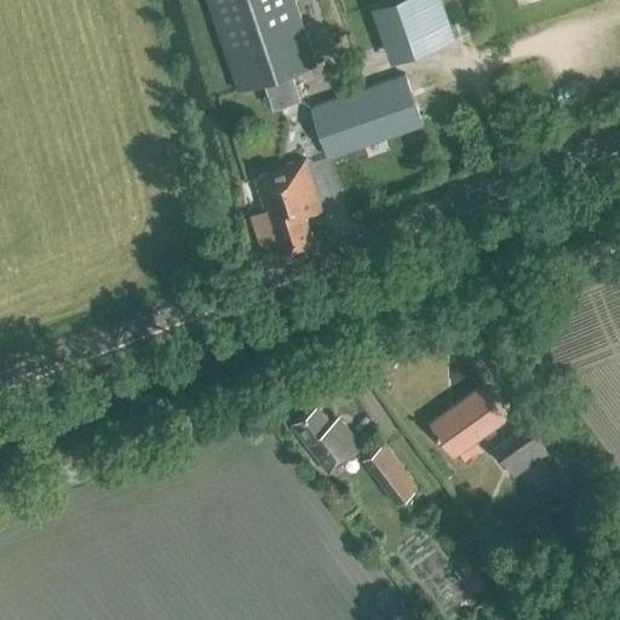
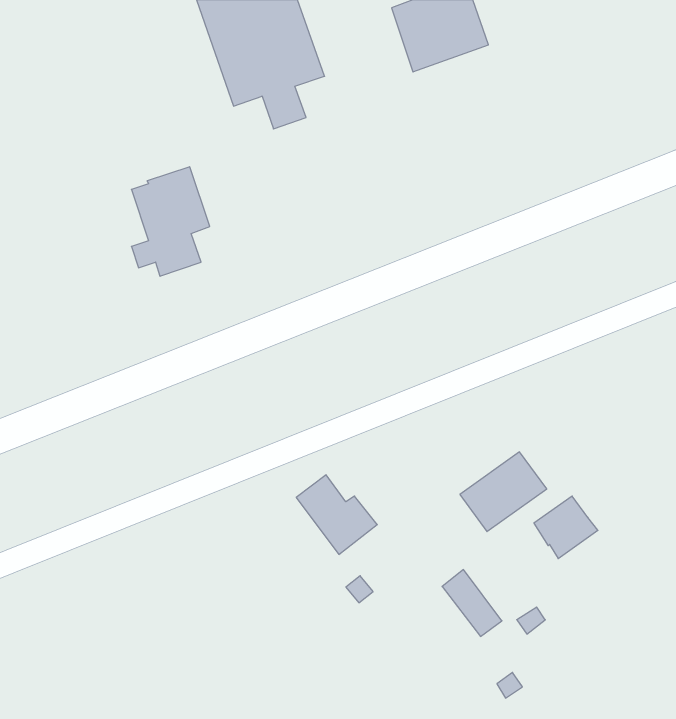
building: [311,78,423,160] -> none
building: [254,161,321,254] -> [131,167,210,276]
building: [367,444,418,501] -> [442,570,502,636]

